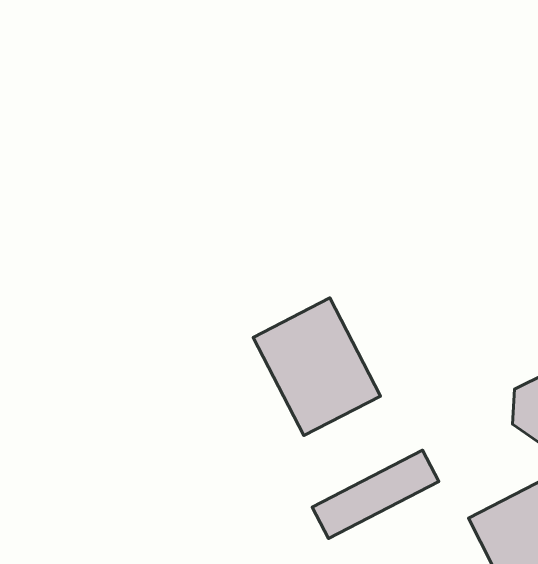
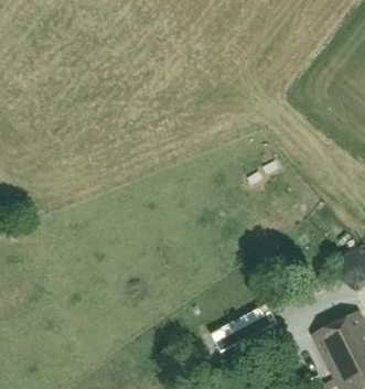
building: [253,298,381,436] -> none

